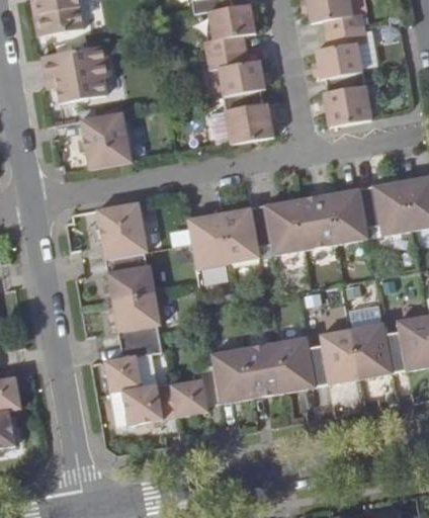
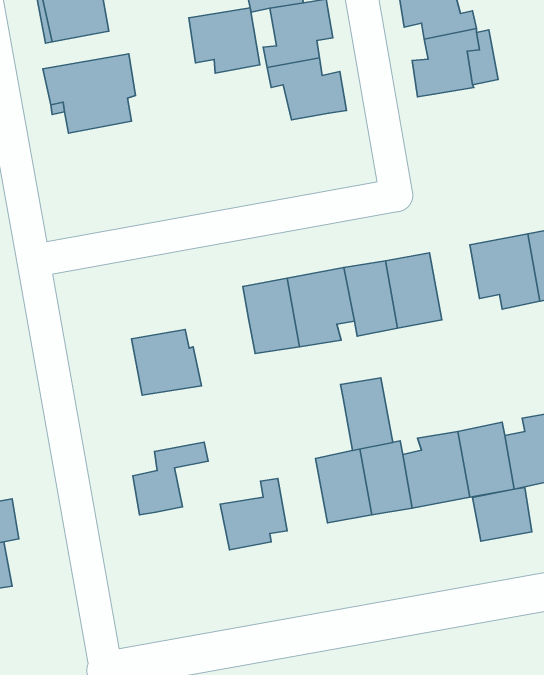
building: none -> [189,8,260,73]
building: [323,67,380,125] -> none
building: [216,88,275,144] -> none
building: [78,110,132,168] -> none
building: [329,187,368,244] -> none
building: [95,200,148,258] -> none
building: [112,293,162,343] -> none
building: [212,348,252,403] -> [340,378,393,450]
building: none -> [473,488,532,541]
building: [122,381,178,426] -> none

